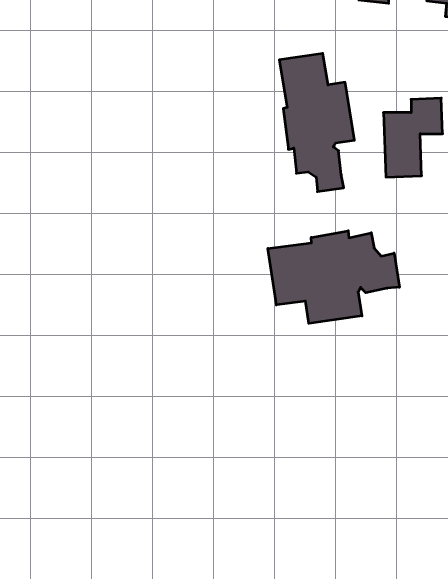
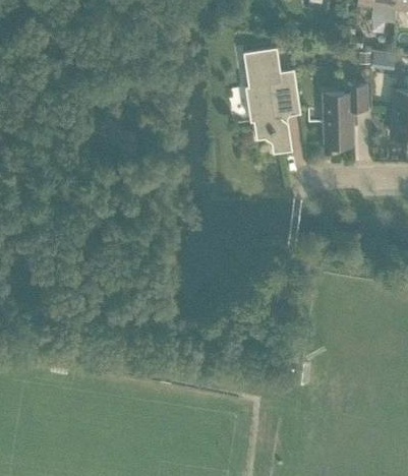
building: [268,231,399,323] -> none

